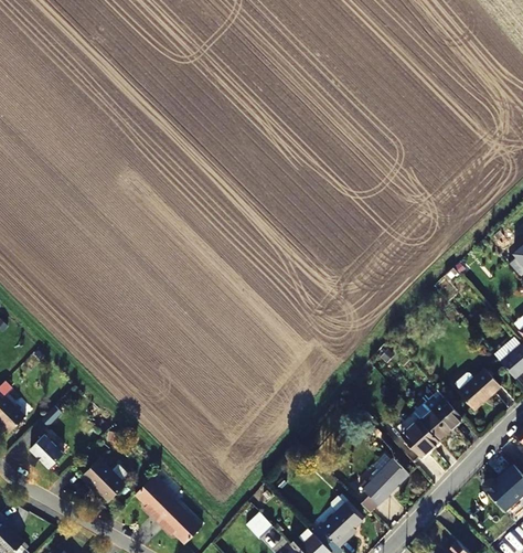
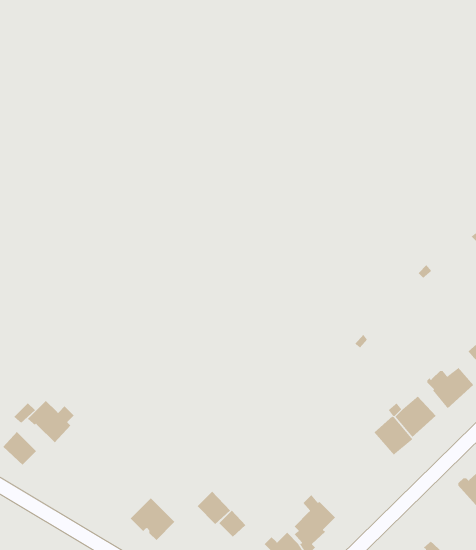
building: [82,458,129,501] -> [27,400,75,443]
building: [360,459,409,514] -> none
building: [135,476,178,521] -> none
building: none -> [197,491,231,525]

